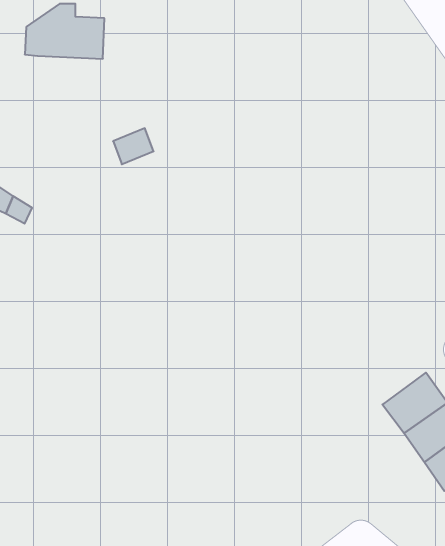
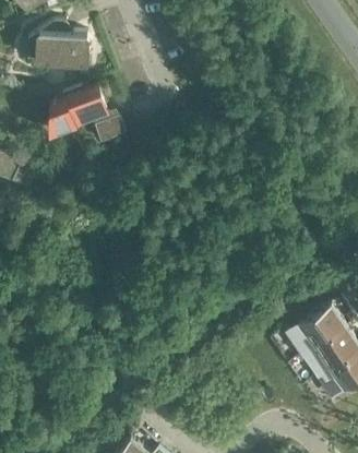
building: none -> [46,88,107,140]

